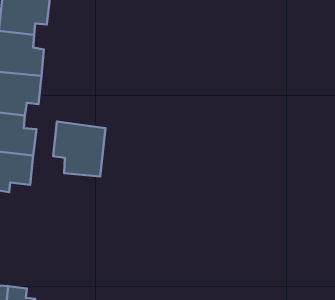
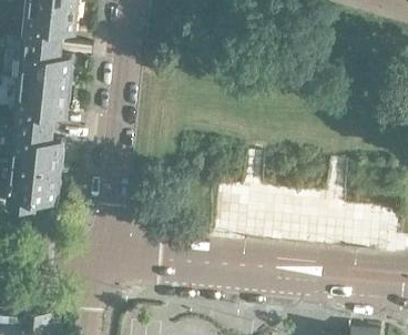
building: [53,122,106,177] -> none

